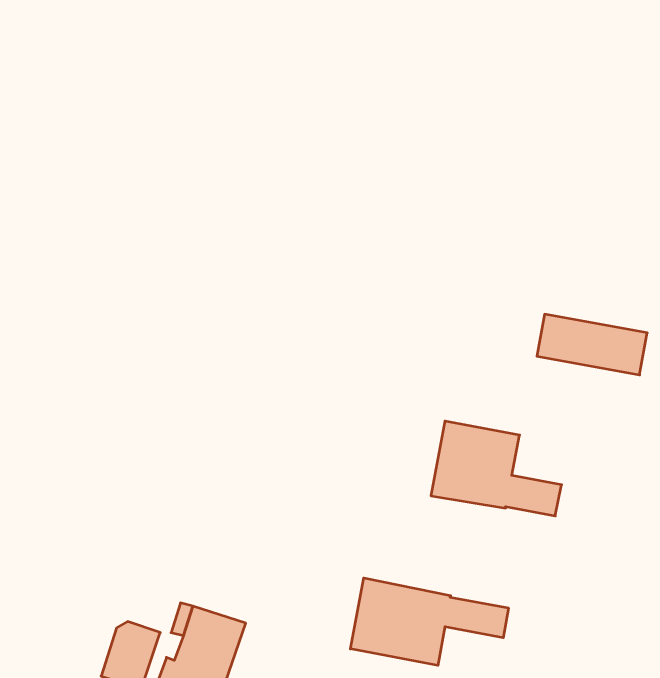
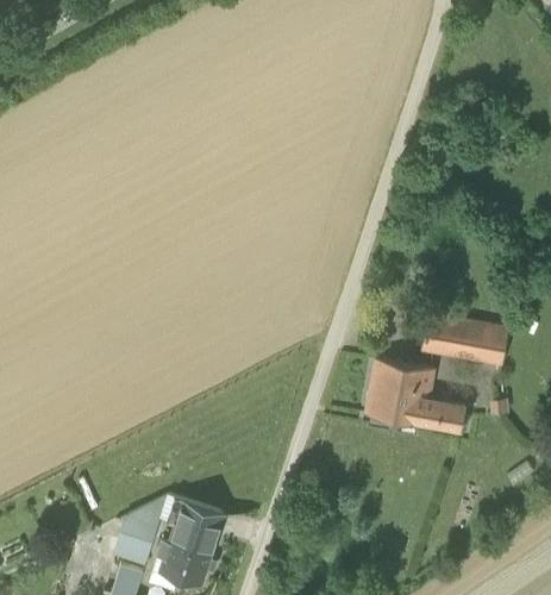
building: [537,314,647,375] -> [424,317,508,363]
building: [350,578,508,665] -> none

